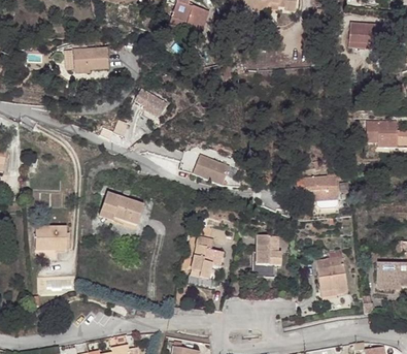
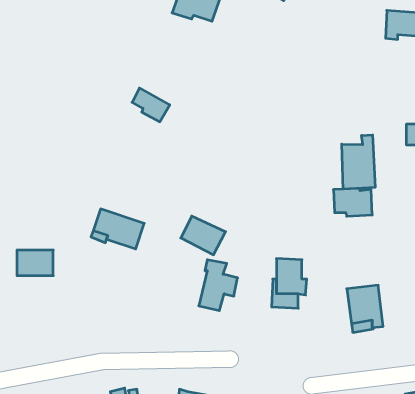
building: [73,47,109,71] -> none
building: none -> [342,135,375,189]
building: [196,156,234,189] -> [181,216,226,255]

